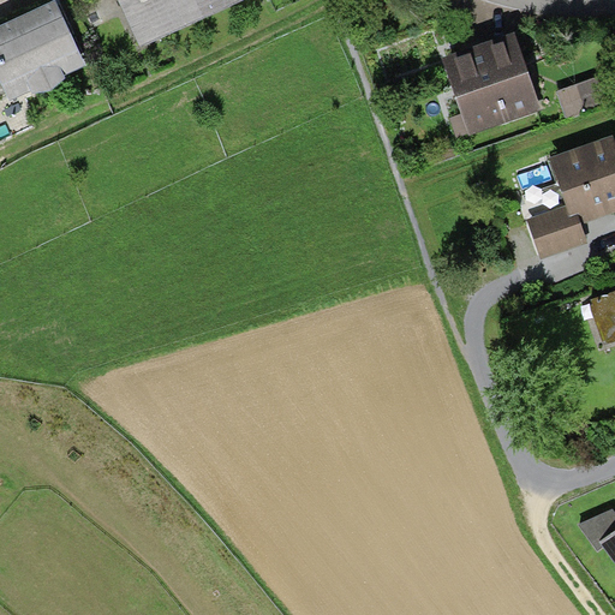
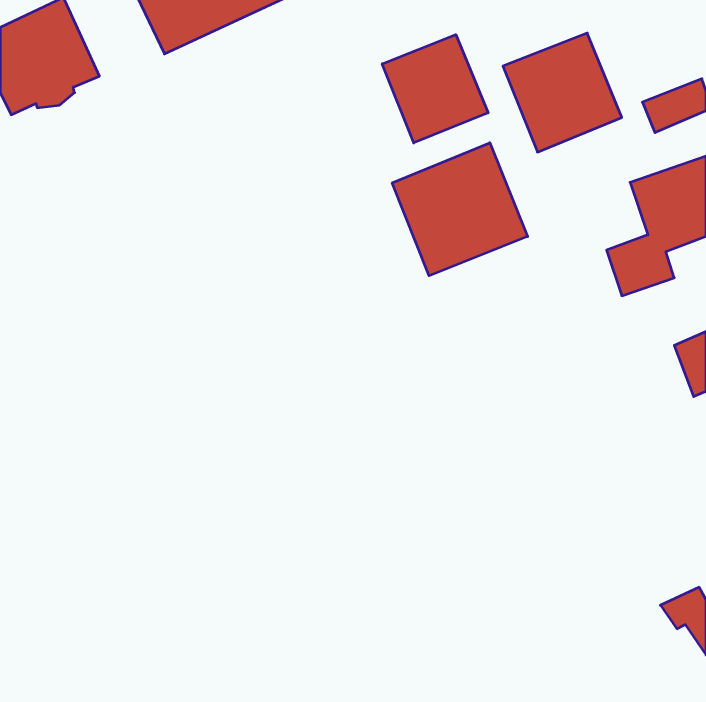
building: none -> [382,35,488,143]
building: none -> [392,143,528,276]

